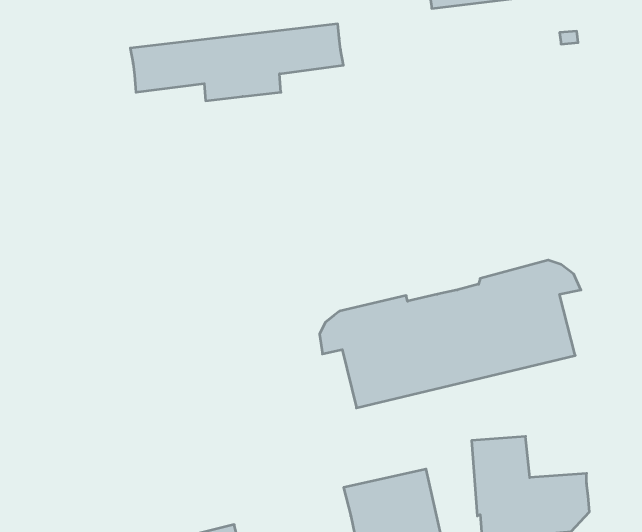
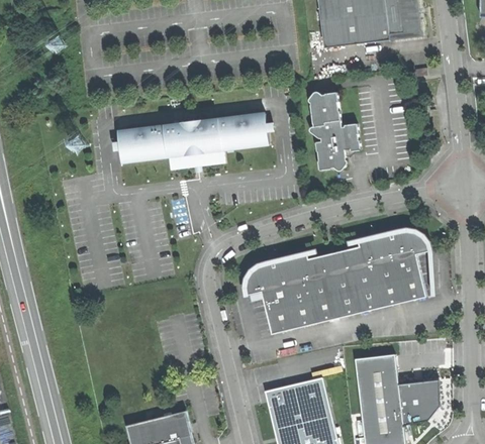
building: [130,24,343,101] -> [118,114,270,169]
building: none -> [310,92,360,170]

